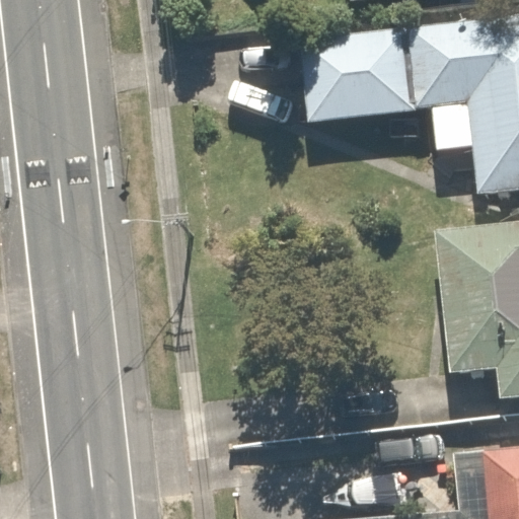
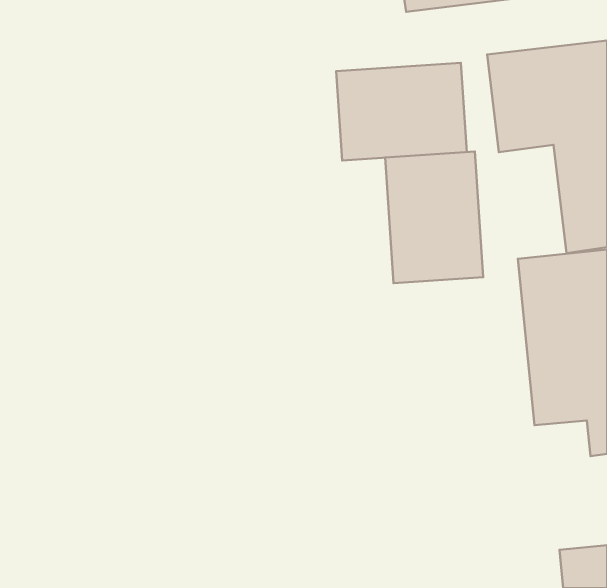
building: none -> [385,152,483,283]

